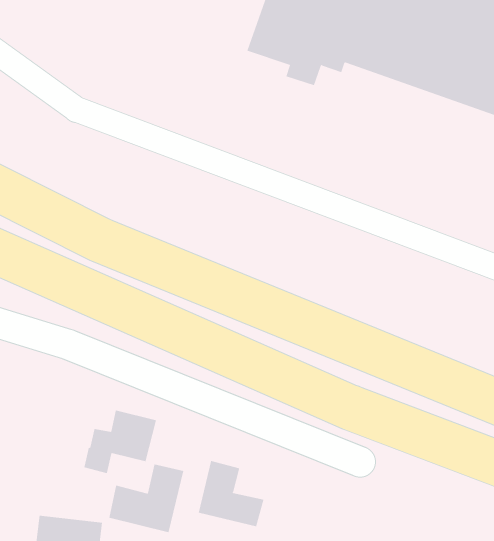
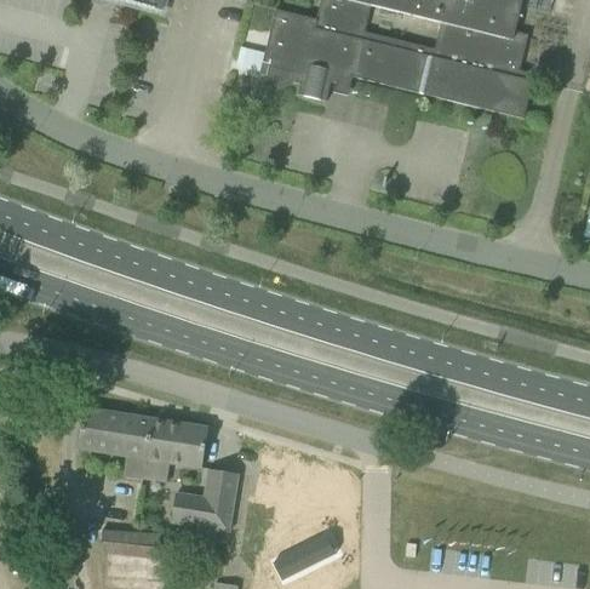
building: none -> [79,408,168,478]
building: [198,460,264,527] -> none

